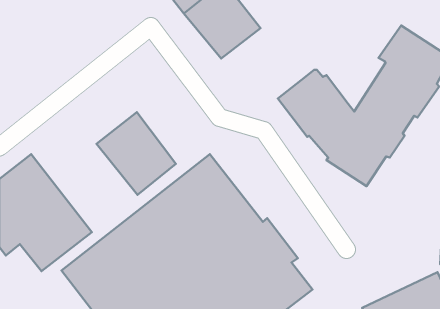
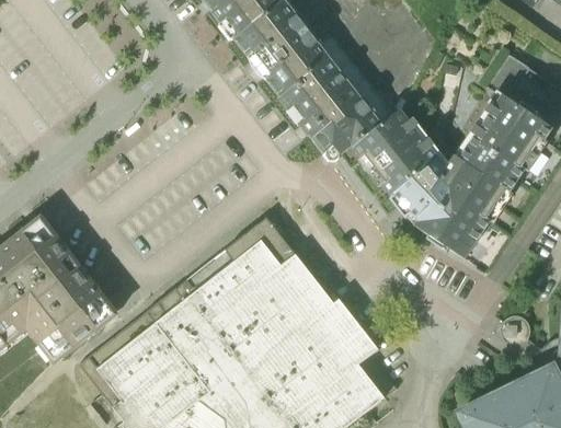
building: none -> [282,58,382,160]
building: [96,112,176,195] -> none

